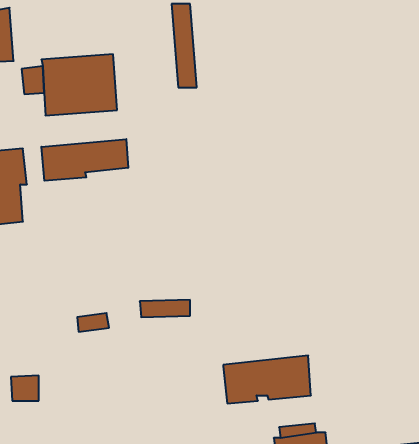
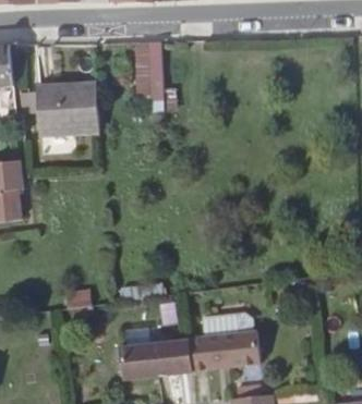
building: [41,139,128,181] -> none
building: none -> [118,339,190,378]

